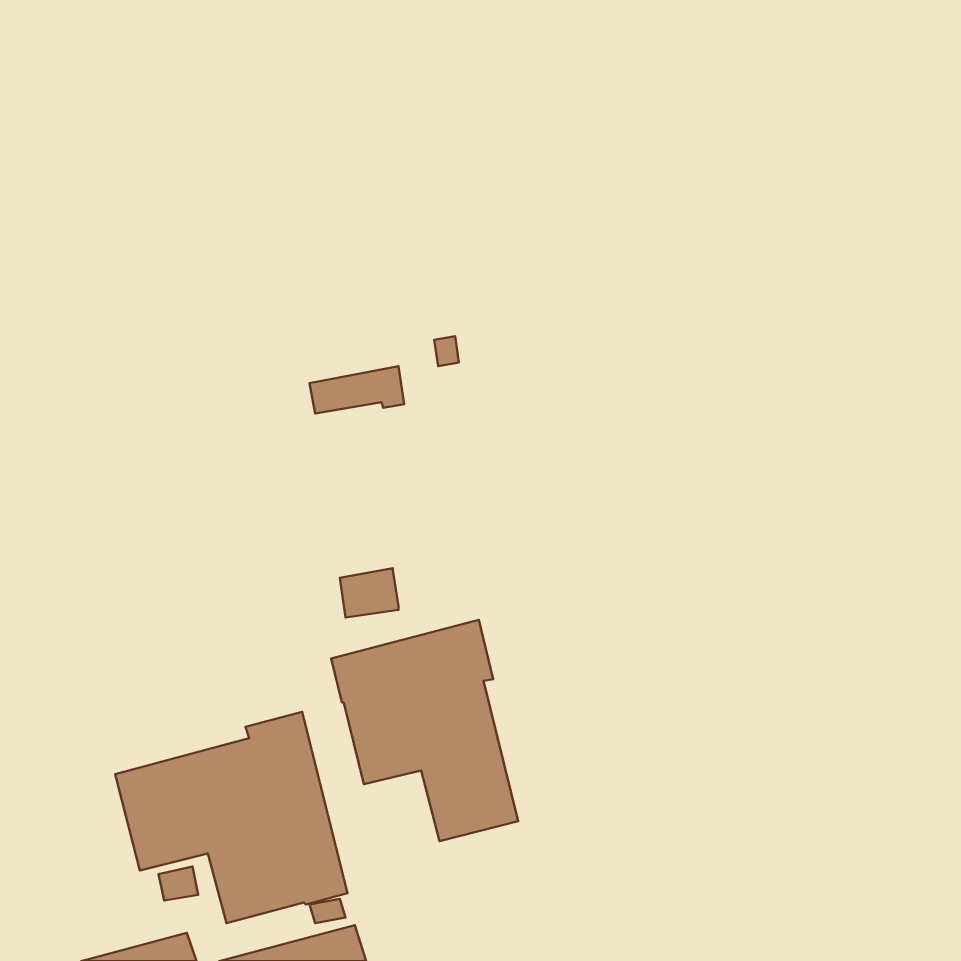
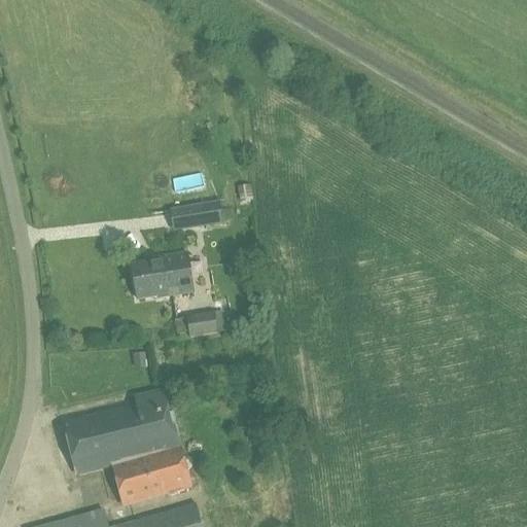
building: none -> [132,252,192,298]
building: [331,620,518,841] -> none

